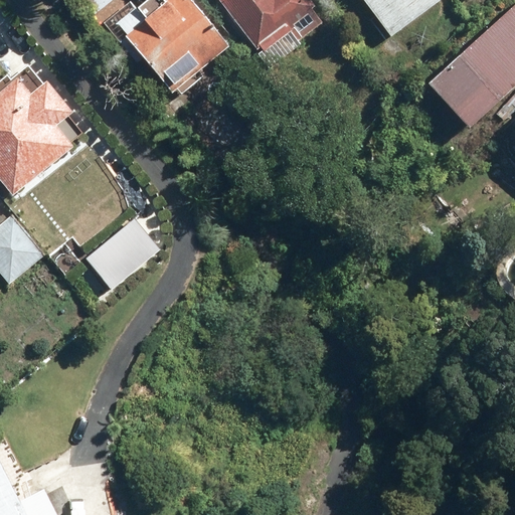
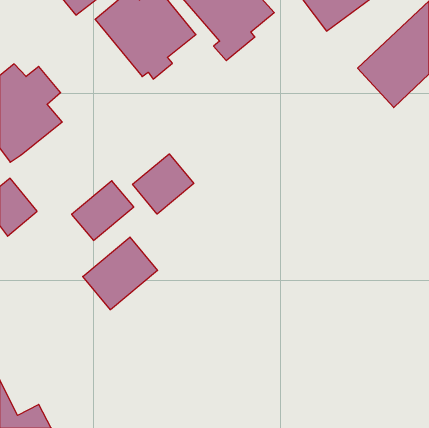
building: none -> [133,154,194,214]
building: none -> [83,237,158,310]

